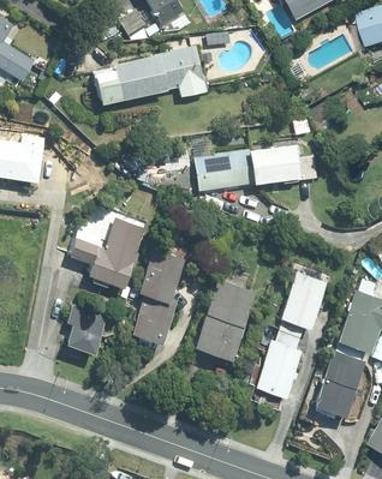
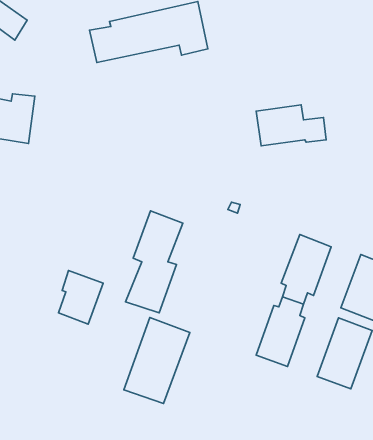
building: [196,150,256,192] -> none
building: [65,216,143,288] -> none
building: [189,279,252,361] -> [124,318,190,404]

